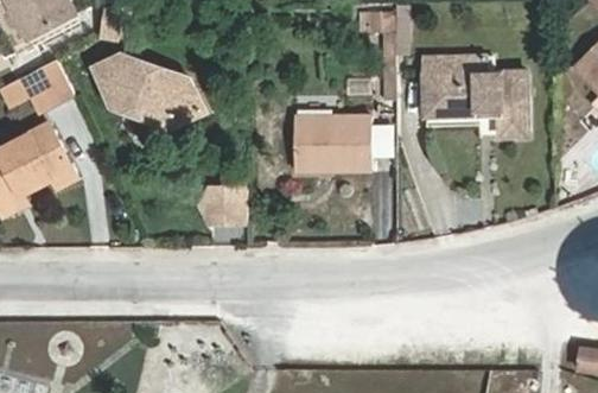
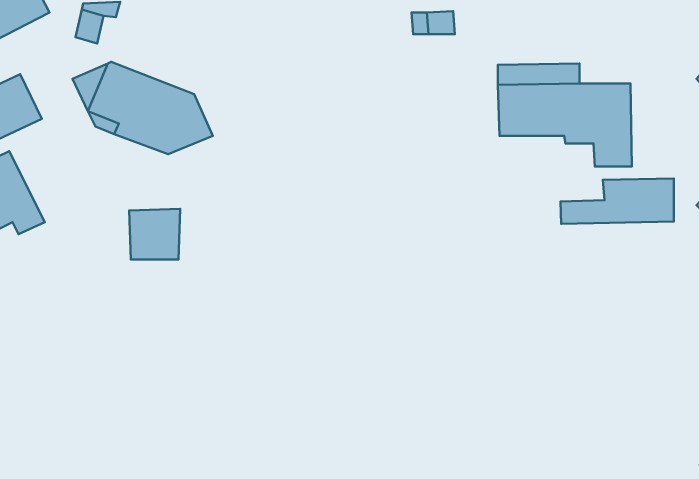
building: [293,114,371,169] -> none
building: none -> [561,179,674,224]
building: [208,183,247,222] -> [129,209,180,260]

